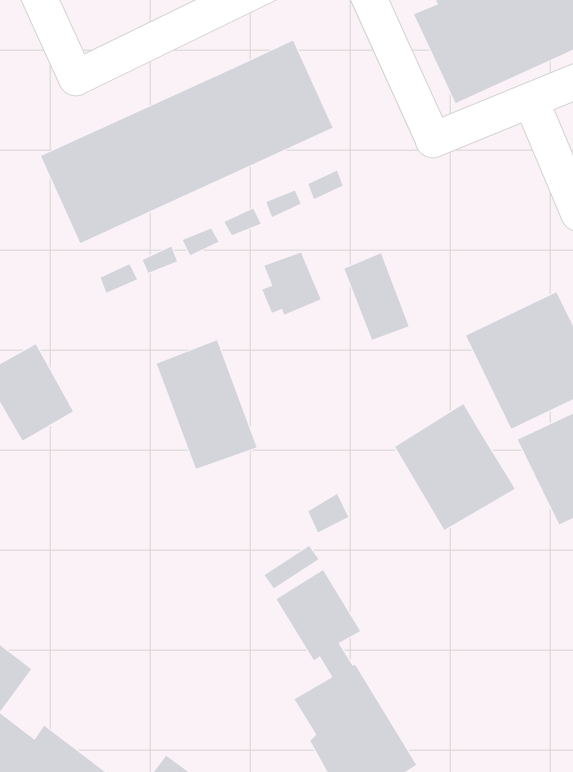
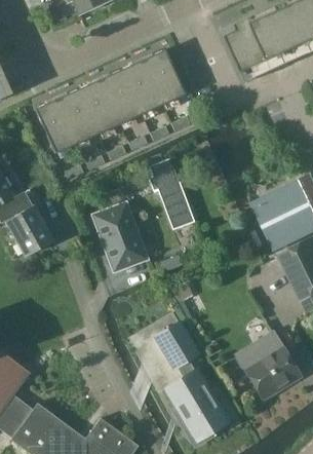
building: [344,252,409,340] -> [159,182,193,227]
building: [394,403,516,531] -> [236,331,299,396]

